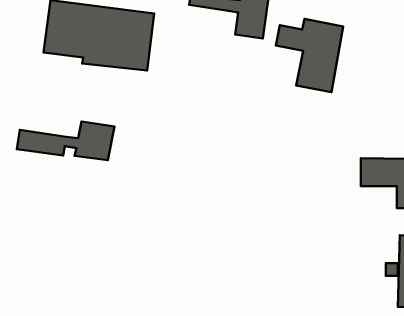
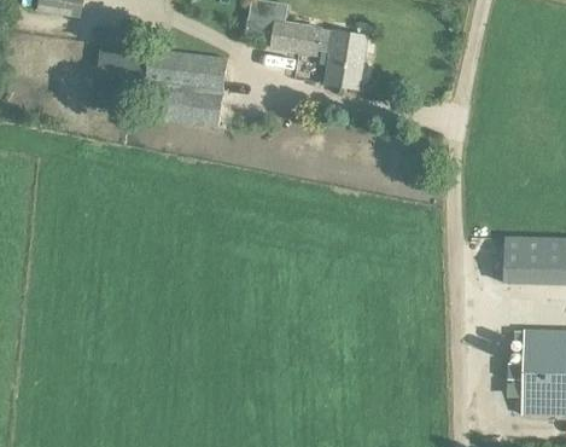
building: [276,19,343,92] -> none
building: [17,121,115,160] -> none

